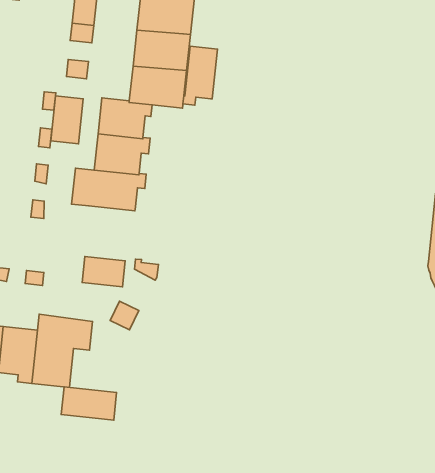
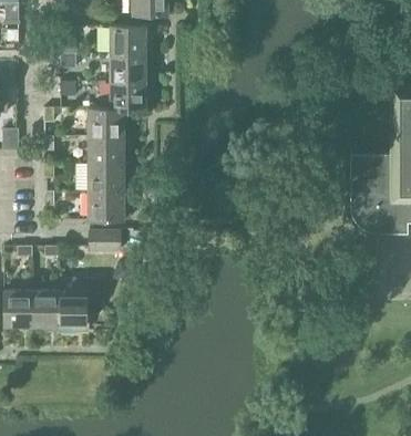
building: [183,46,217,105] -> none
building: [51,96,83,144] -> none
building: none -> [88,190,129,219]
building: [61,387,117,420] -> none

